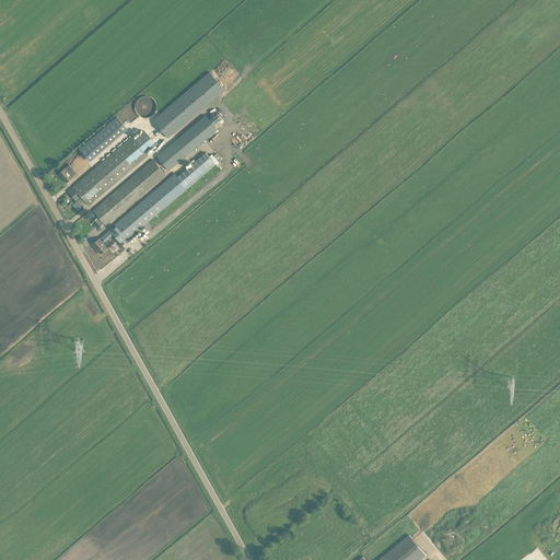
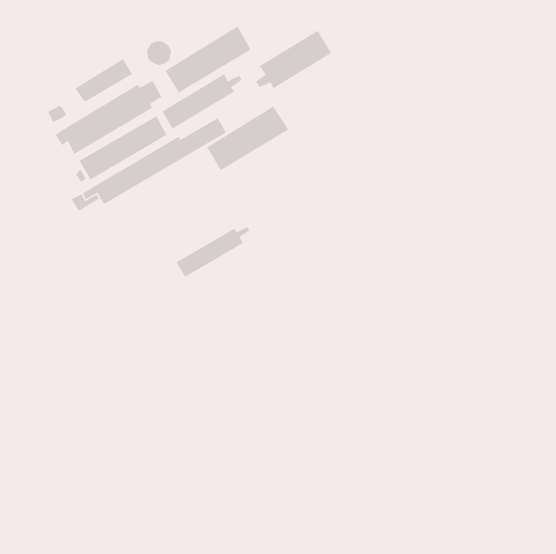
building: none -> [255,30,332,89]
building: none -> [206,106,289,171]
building: none -> [176,226,250,278]

